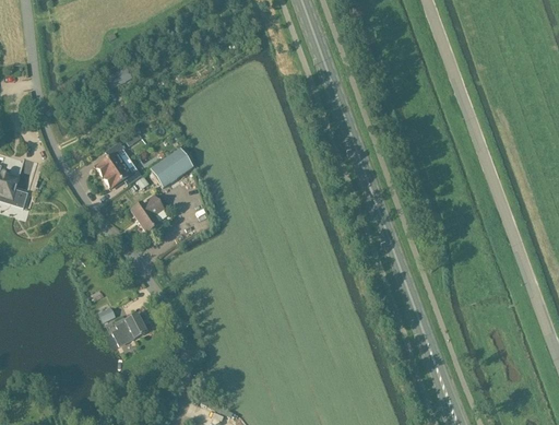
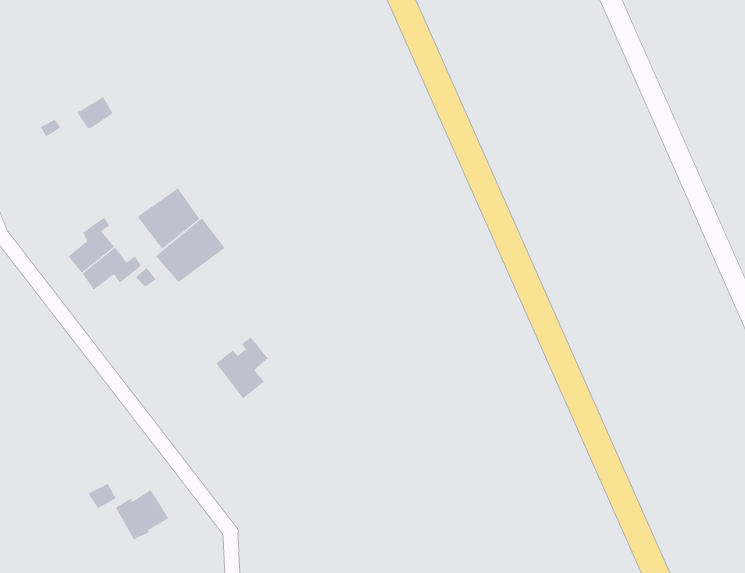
building: none -> [137,188,200,250]
building: [130,193,163,232] -> [216,336,269,399]

